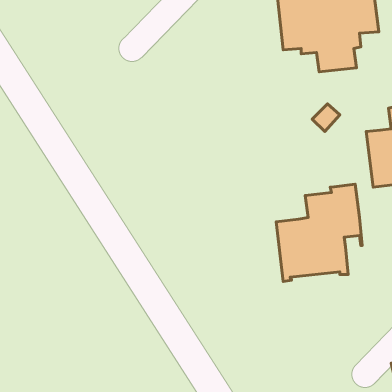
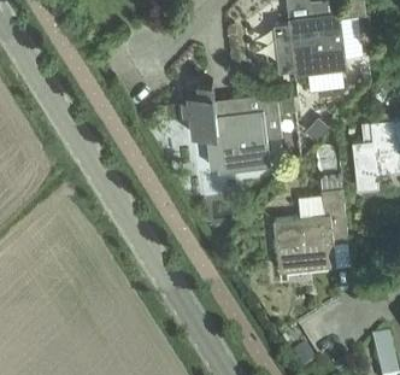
building: none -> [181,83,294,174]

